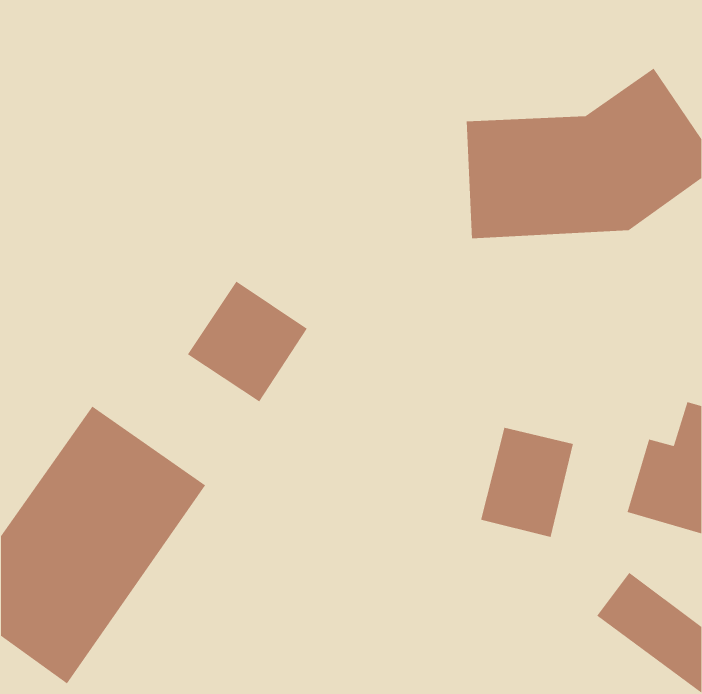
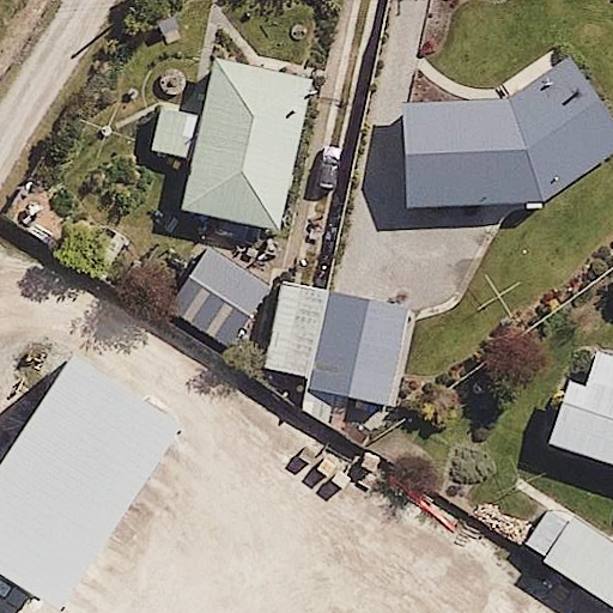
building: none -> [146,60,311,236]
building: none -> [261,279,406,406]
building: [480,427,574,538] -> none

